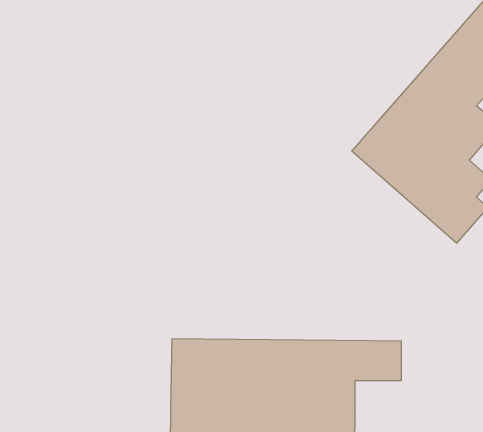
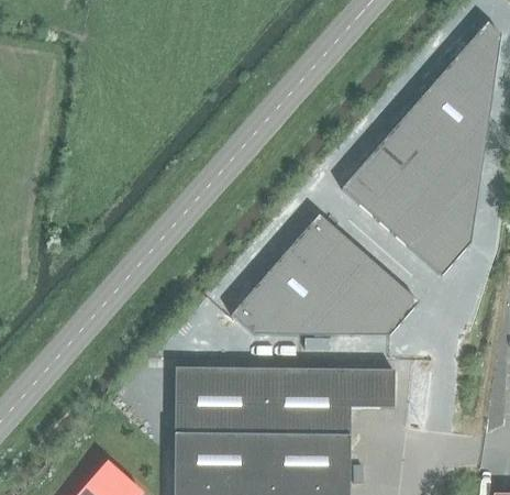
building: none -> [234,215,422,337]

